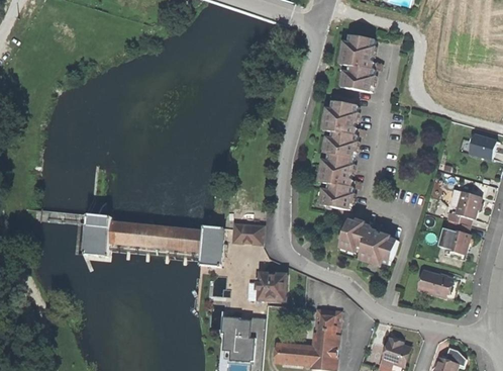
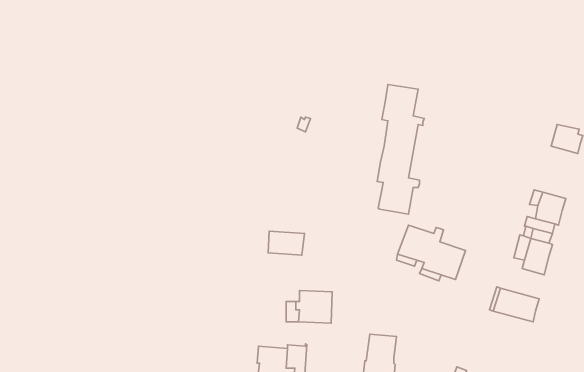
building: [343,35,379,92] -> none
building: [81,214,223,267] -> none

